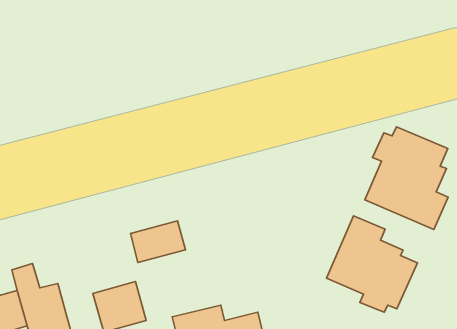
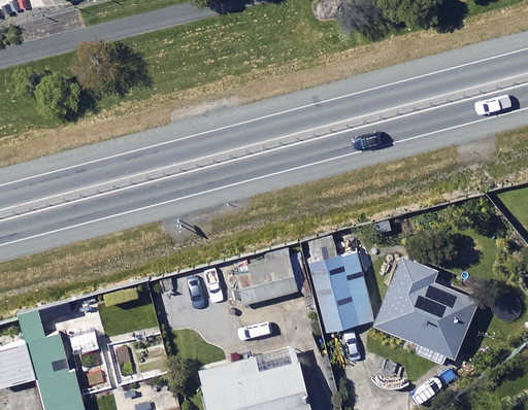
building: [365,127,448,230] -> none
building: [131,221,186,262] -> [235,257,298,304]
building: none -> [317,265,373,333]

